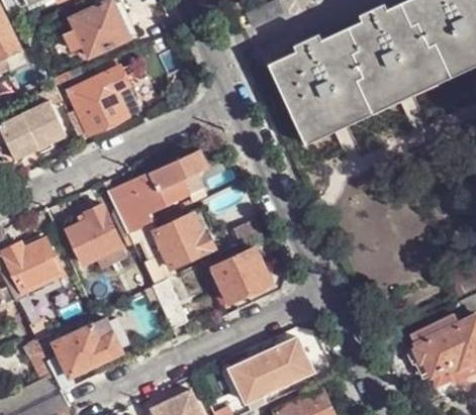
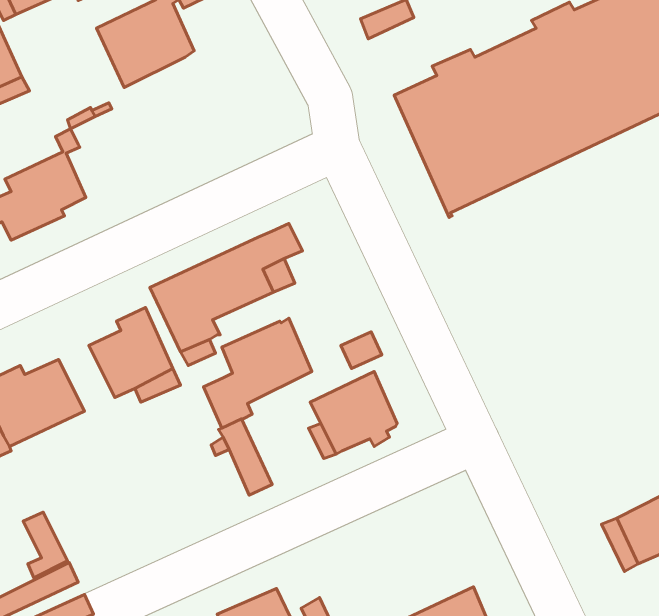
building: [59,64,150,138] -> none
building: [53,318,121,377] -> none
building: [228,337,312,403] -> none

